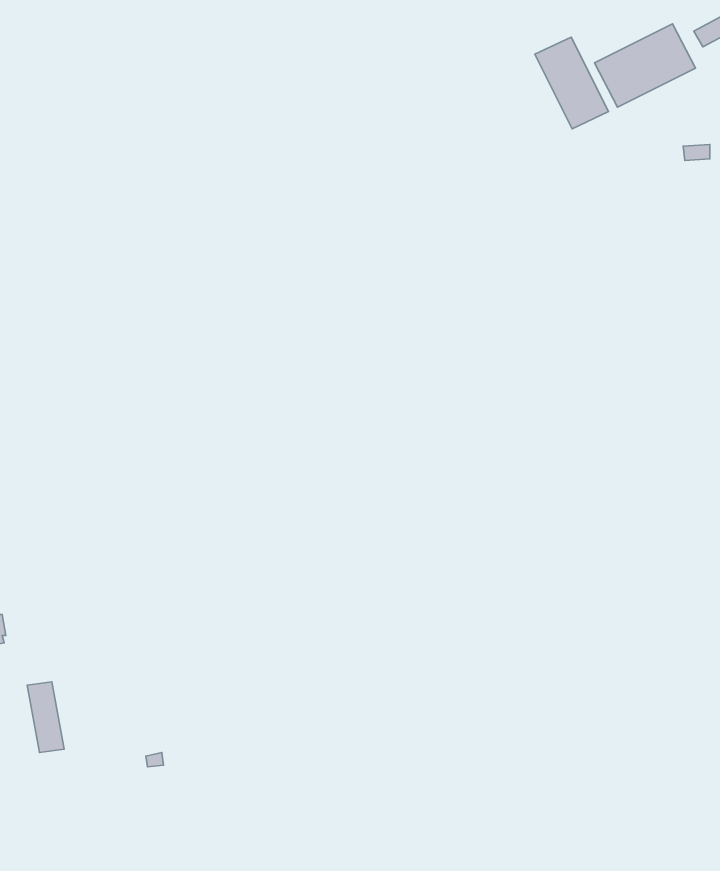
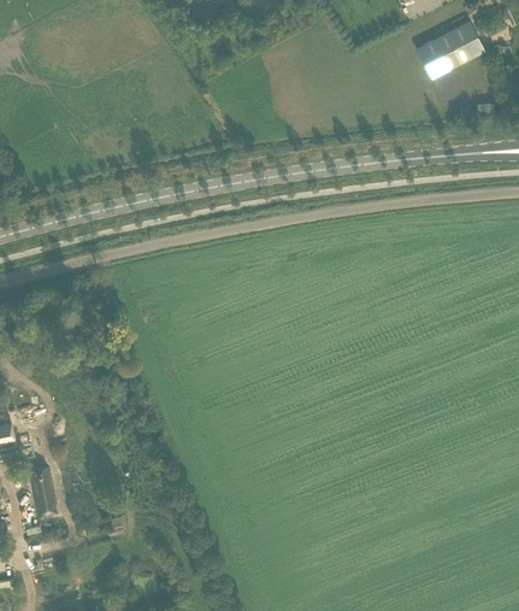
building: [535,37,608,129] -> none

